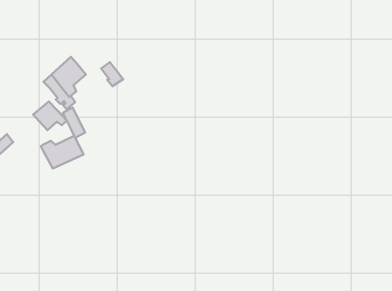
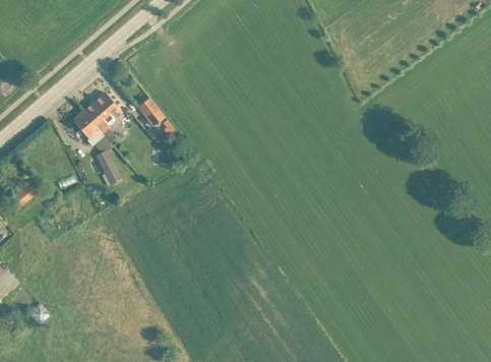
building: [33,102,67,130] -> none
building: [41,136,83,169] -> none

